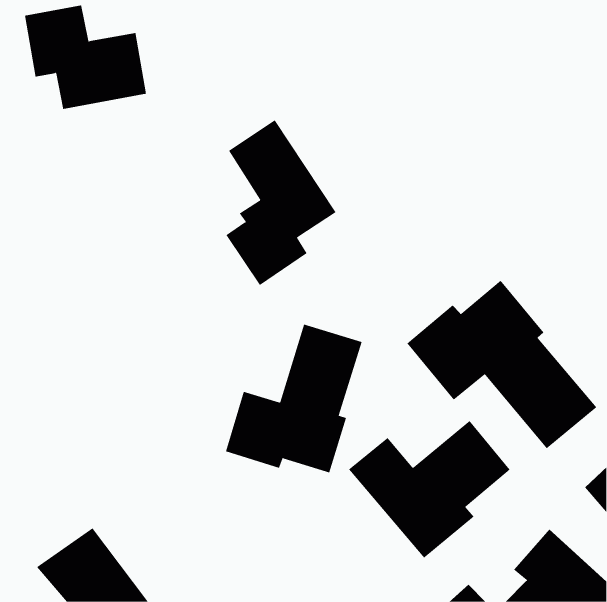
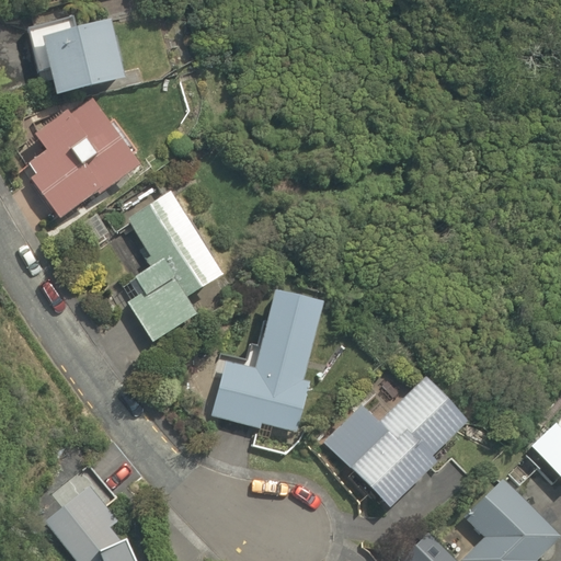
building: none -> [25,103,136,217]
building: [226,120,336,286] -> [123,191,224,342]
building: [407,280,597,449] -> none

